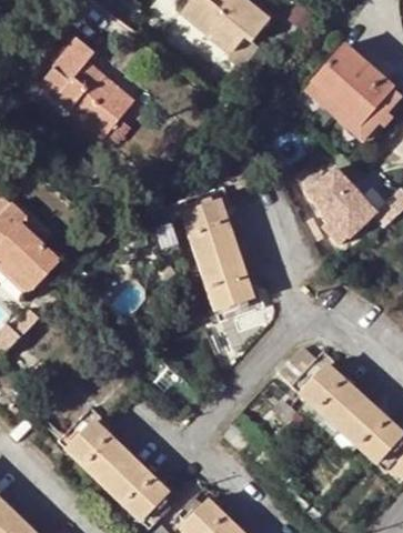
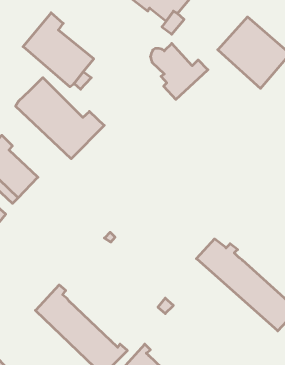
building: none -> [16,78,104,159]
building: [308,168,385,243] -> [150,43,208,99]
building: [179,185,265,332] -> none

